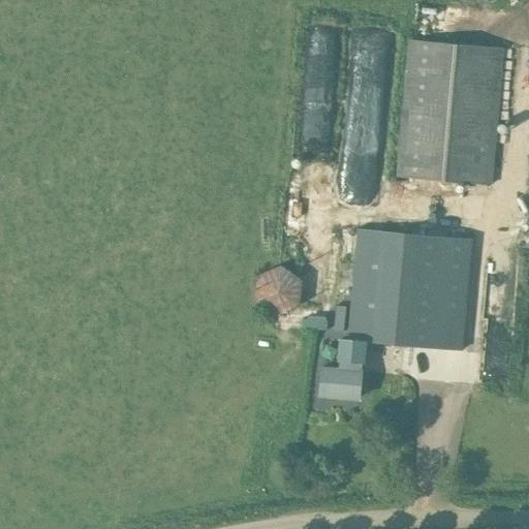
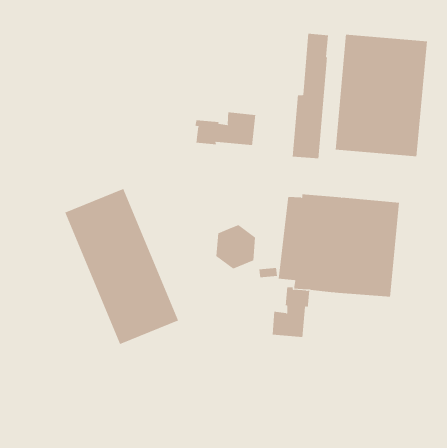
building: none -> [195,111,256,146]
building: none -> [64,188,179,345]

